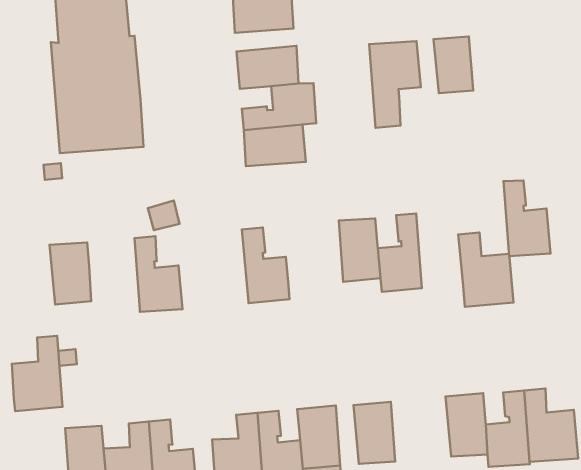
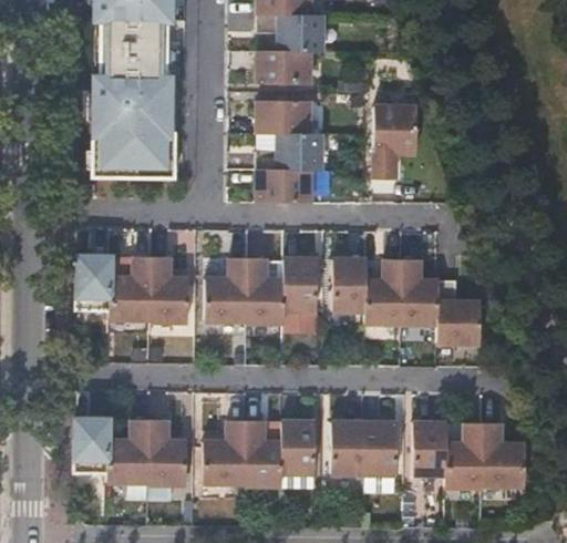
building: [433,37,473,93] -> none
building: [504,181,551,256] -> [401,258,437,326]
building: none -> [284,258,317,311]
building: none -> [205,258,247,322]
building: [12,336,62,411] -> [109,257,152,320]
building: none -> [363,422,396,475]

